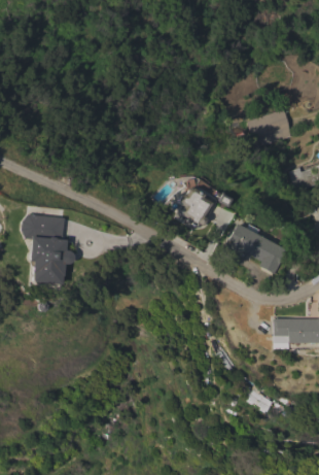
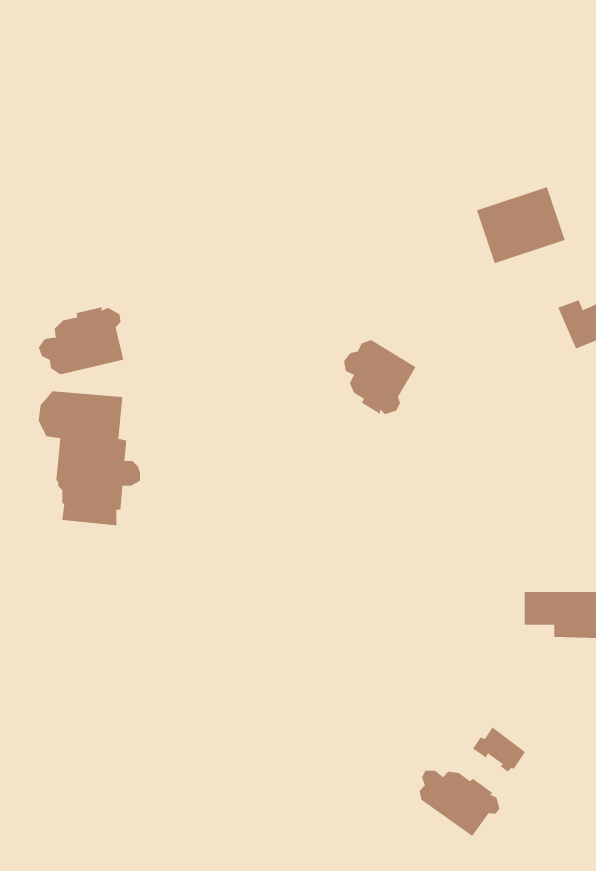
building: none -> [38,306,124,375]
building: [224,223,288,274] -> none
building: none -> [419,770,500,837]

